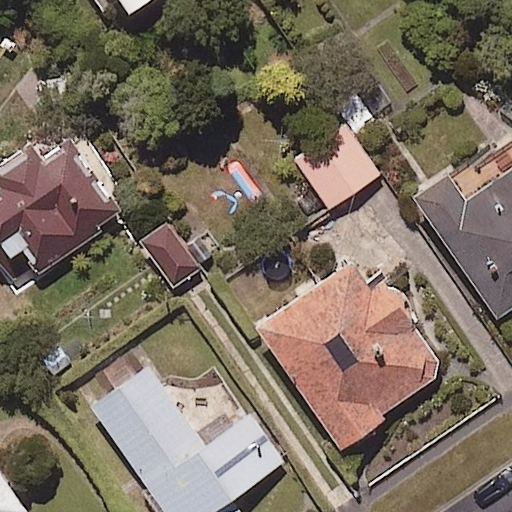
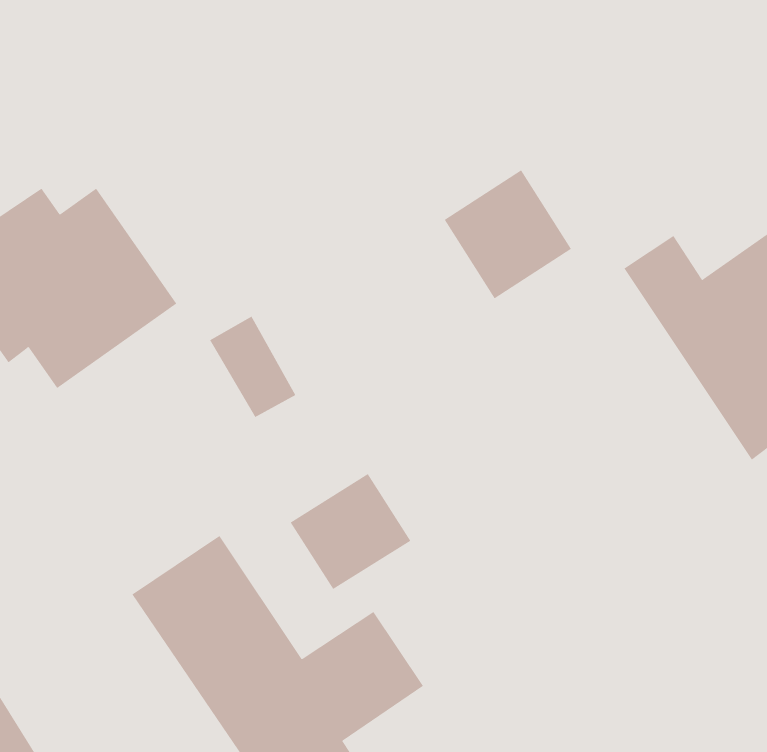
building: [260,260,447,461] -> none
building: none -> [290,473,411,590]

